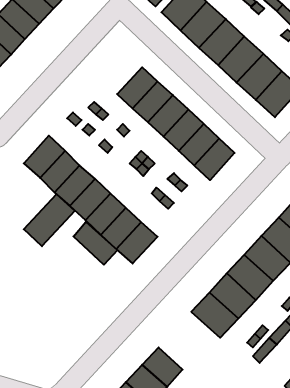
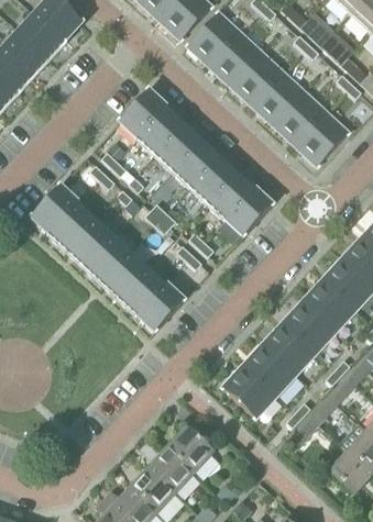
building: none -> [119,89,166,137]
building: [24,194,75,246] -> none
building: [73,222,117,265] -> none

